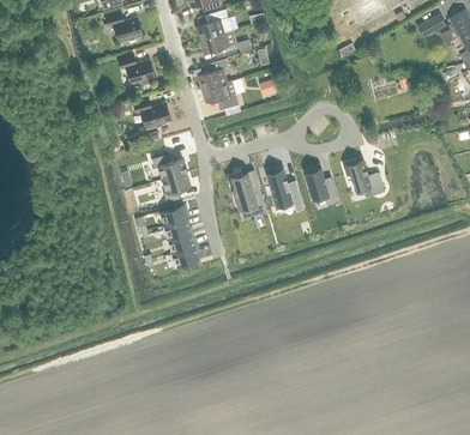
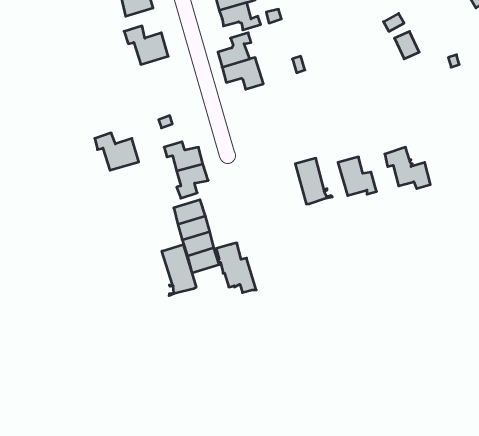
building: [133,97,171,129] -> [95,133,139,170]
building: [229,171,264,215] -> [216,243,256,293]
building: none -> [162,244,196,296]

